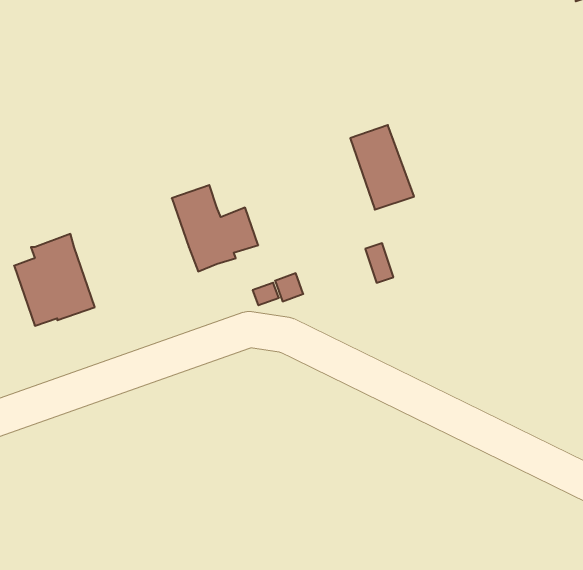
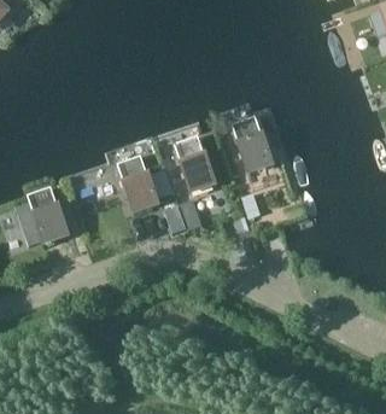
building: none -> [172,134,214,189]

